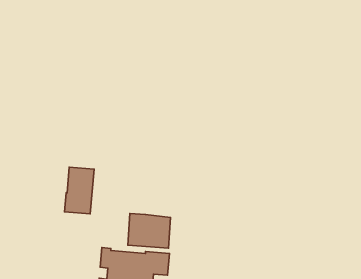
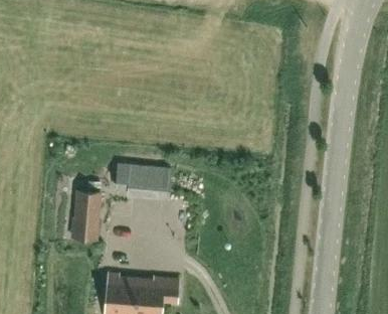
building: [128,213,170,248] -> [129,164,172,199]

